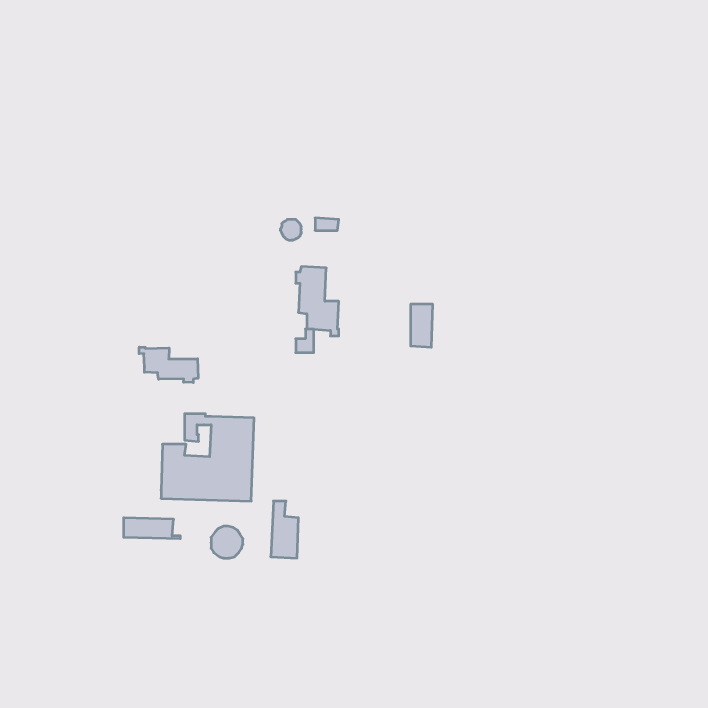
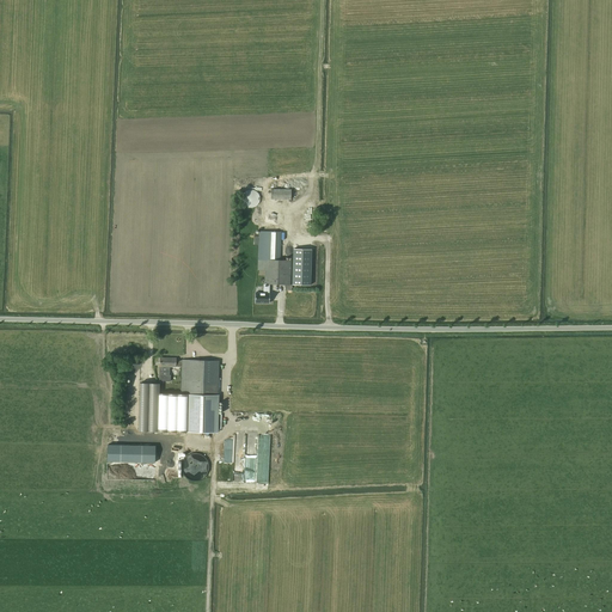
building: [411,304,433,347] -> [296,247,316,284]
building: [139,347,198,383] -> none

